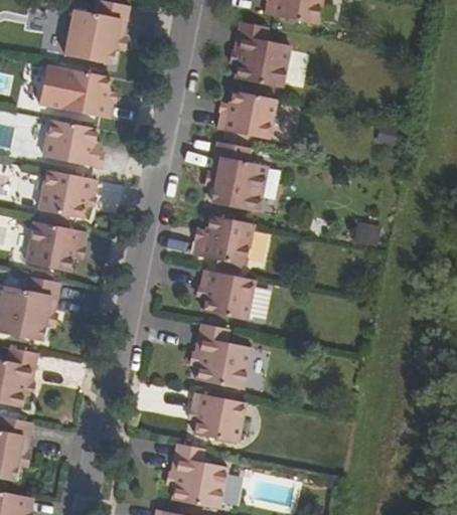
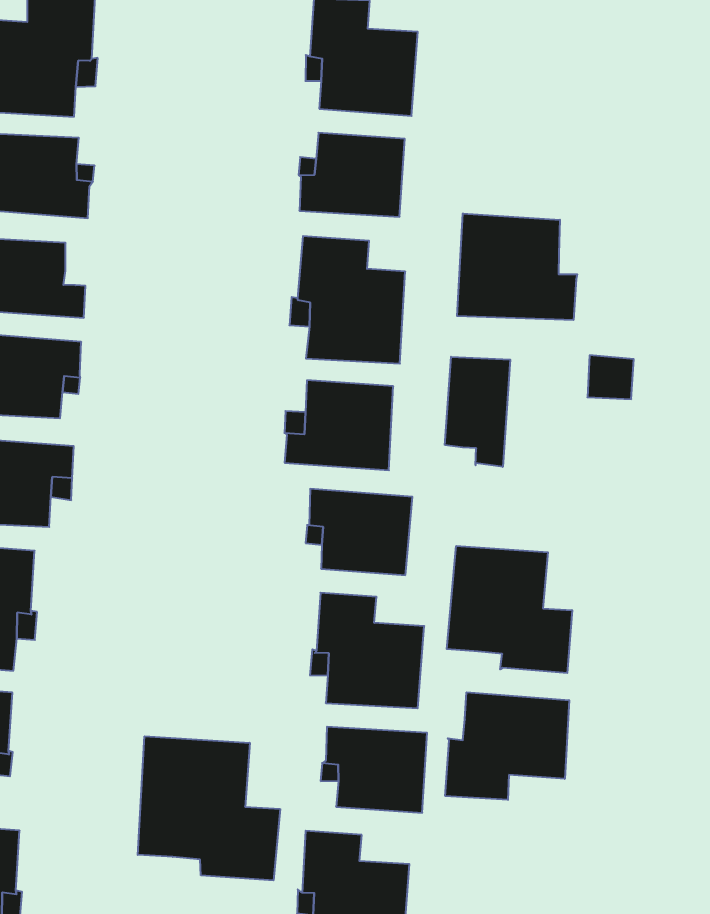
building: none -> [457,213,577,320]
building: none -> [445,357,510,467]
building: none -> [447,546,572,673]
building: none -> [138,736,280,880]
building: none -> [445,692,569,800]

